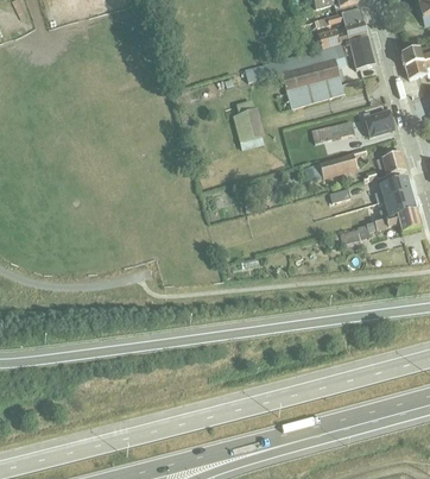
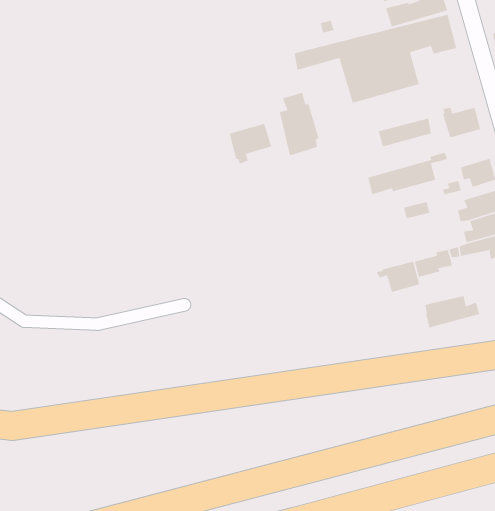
building: none -> [229,123,272,165]
building: none -> [376,261,420,293]
building: none -> [425,295,480,328]

